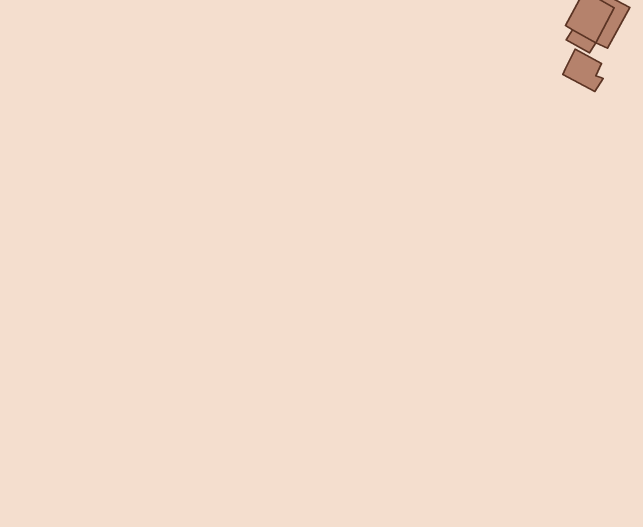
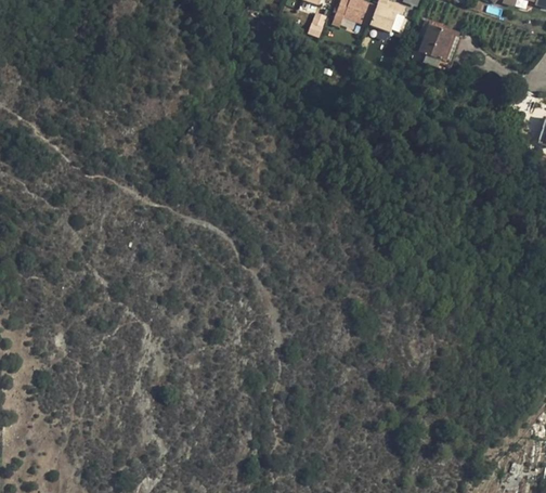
building: [563,49,603,92] -> none

